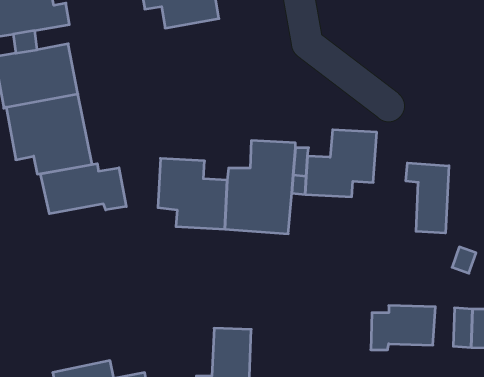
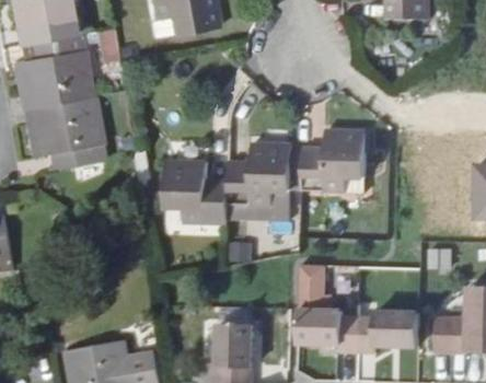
building: [406,163,449,233] -> none
building: [40,164,126,214] -> none
building: none -> [299,252,361,338]

